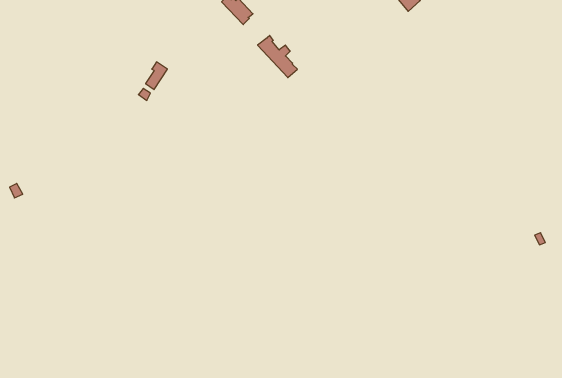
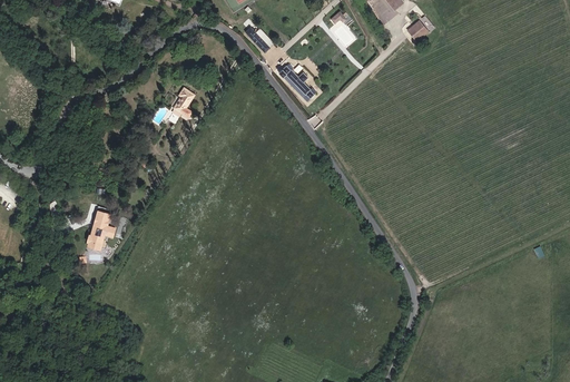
building: none -> [89,210,116,248]

